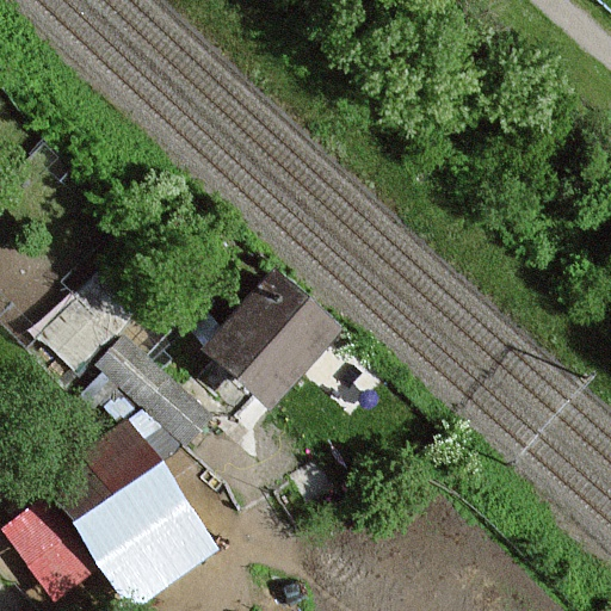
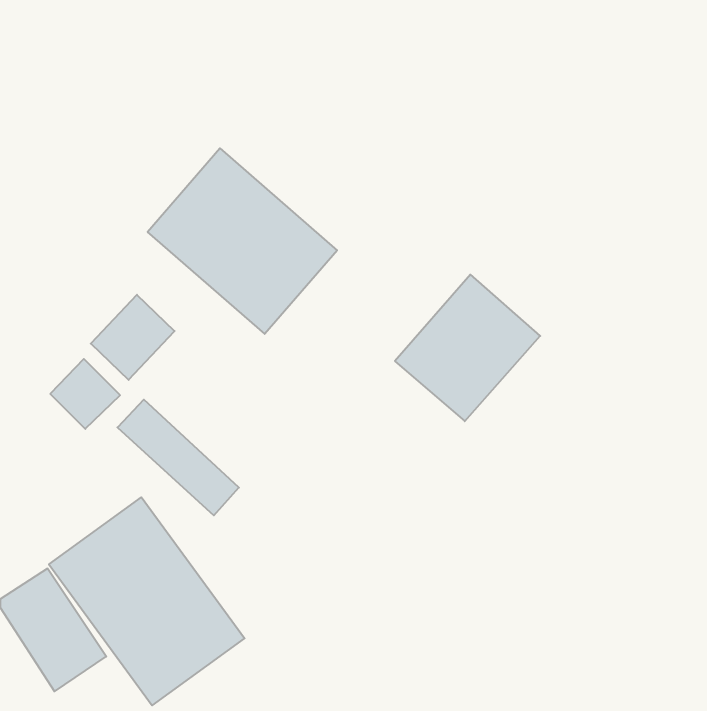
building: none -> [148,148,337,334]
building: [212,282,337,407] -> [395,275,540,421]

